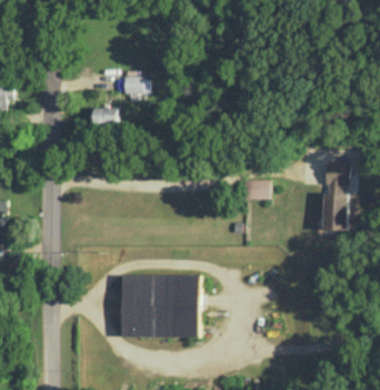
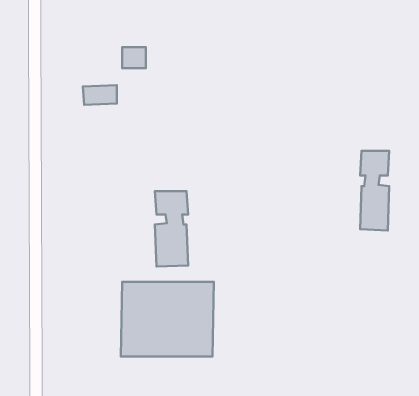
building: [243,179,269,199] -> none
building: none -> [155,191,188,267]

